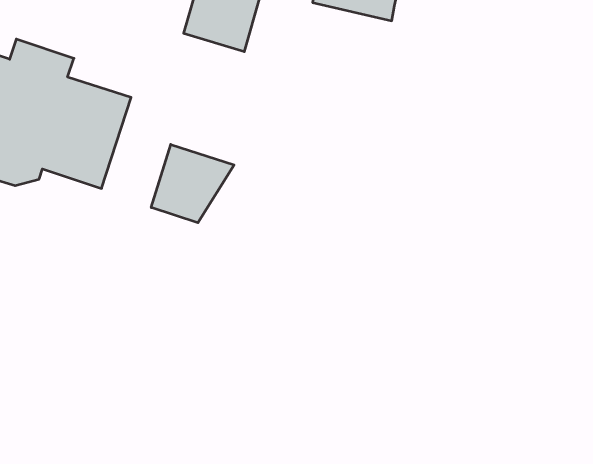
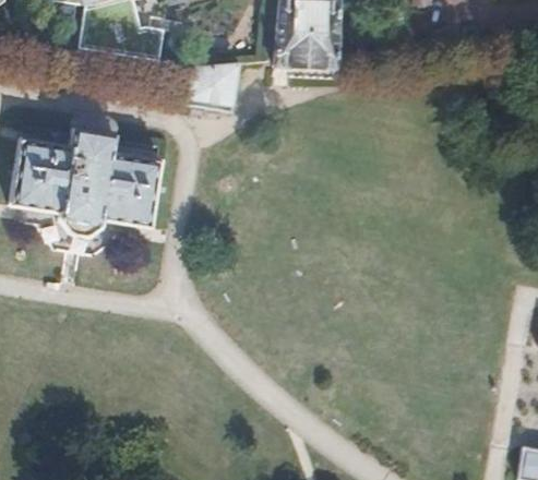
building: [151,144,234,223] -> none

